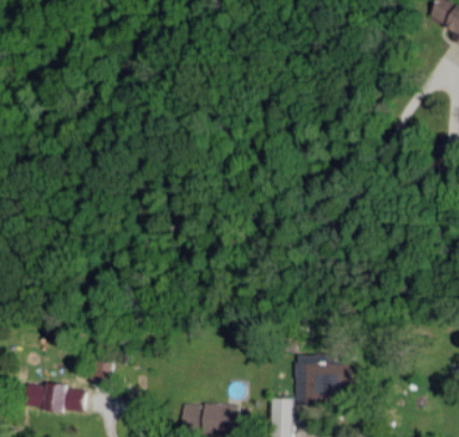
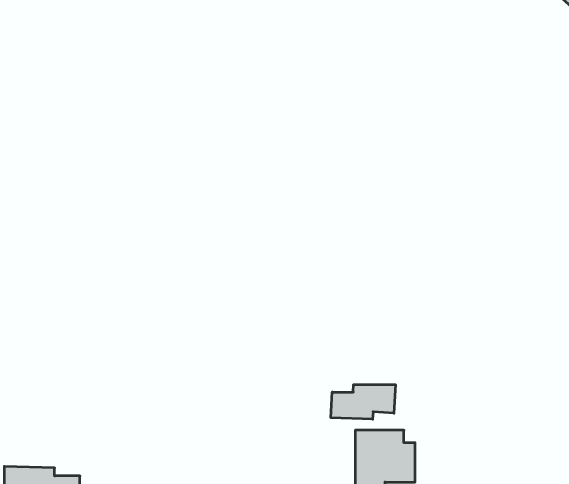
building: none -> [331,385,395,419]

